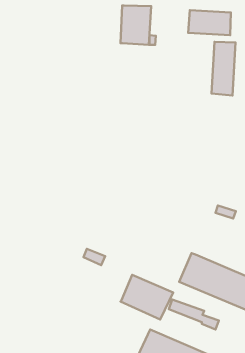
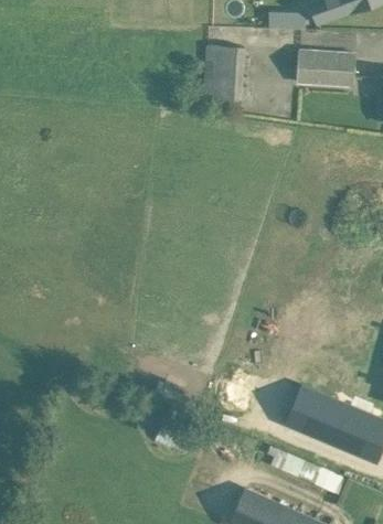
building: [212,42,236,95] -> none
building: [121,275,173,319] -> none

